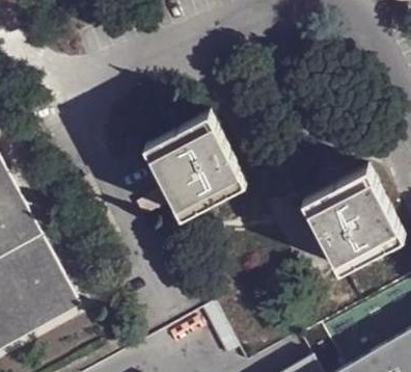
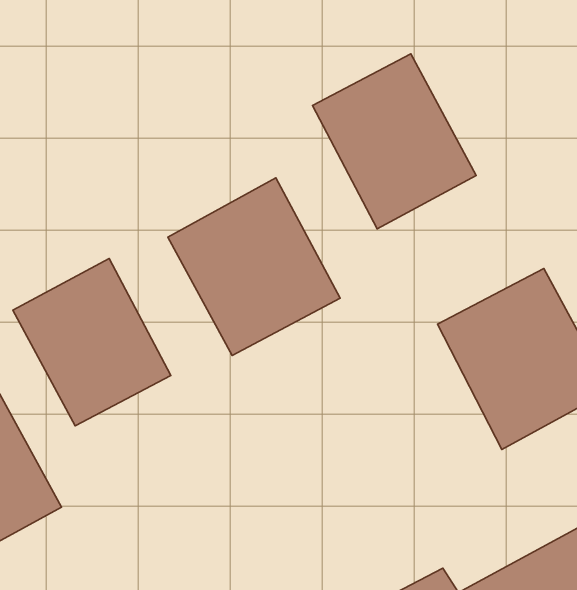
building: none -> [312,54,476,229]
building: none -> [13,258,171,426]

